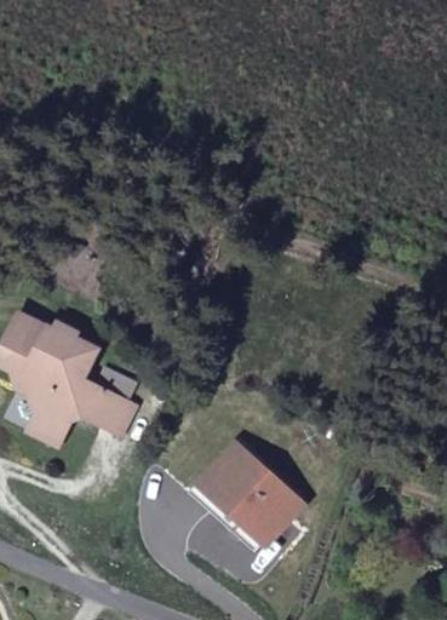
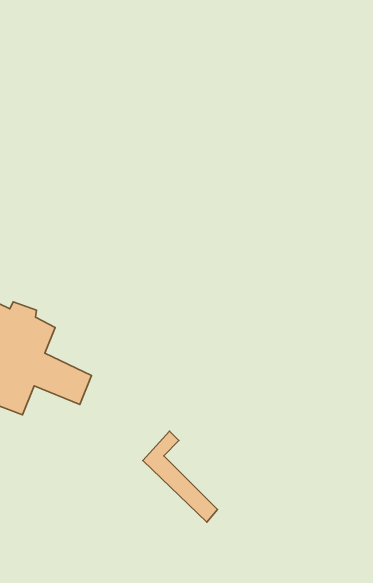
building: [210,448,303,540] -> none

